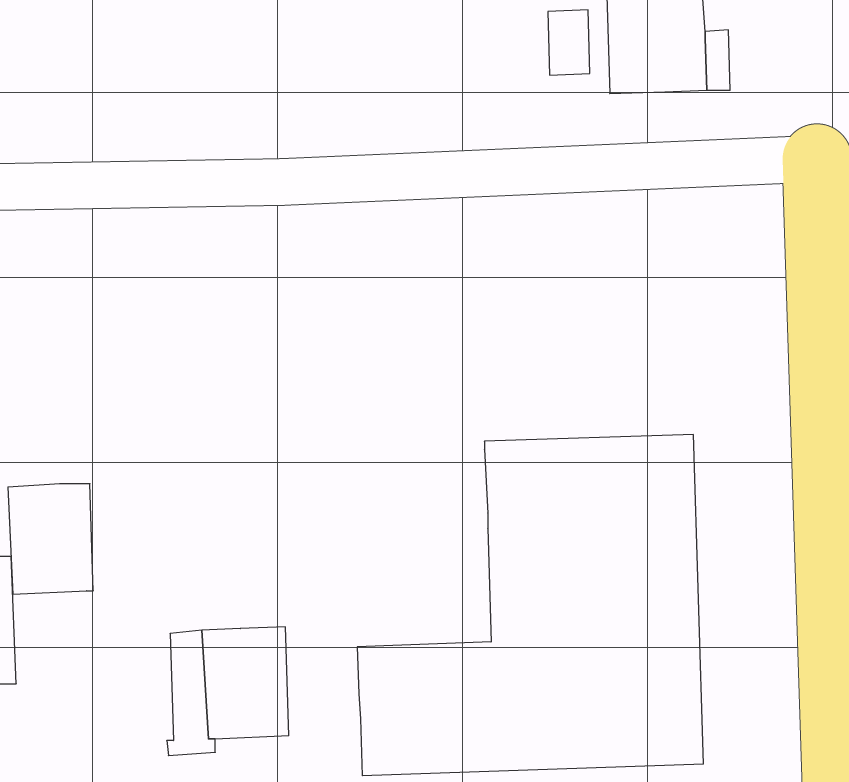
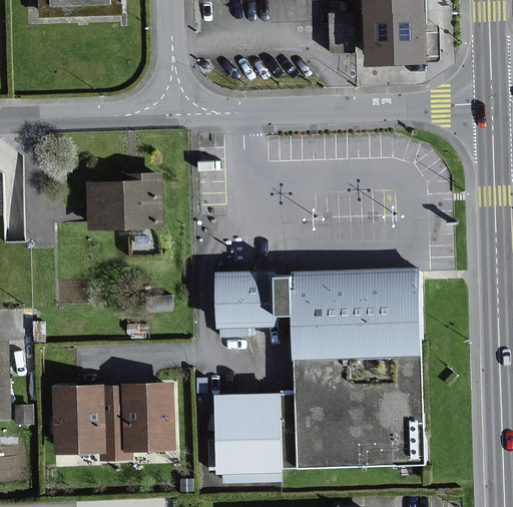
building: none -> [87,174,161,228]
building: none -> [215,272,293,327]
building: [8,484,93,594] -> [53,387,104,453]

